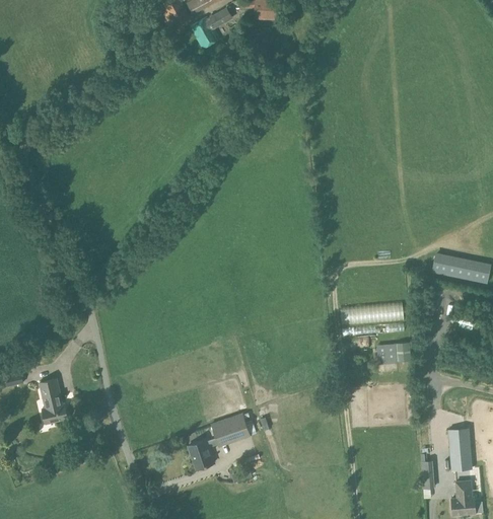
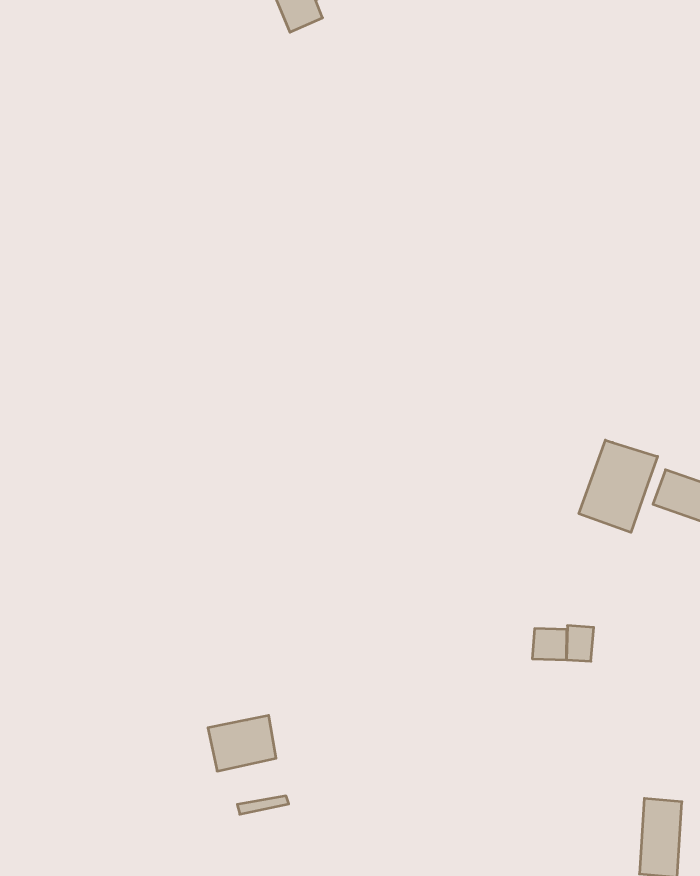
building: none -> [579,440,658,532]
building: [188,439,215,469] -> none

